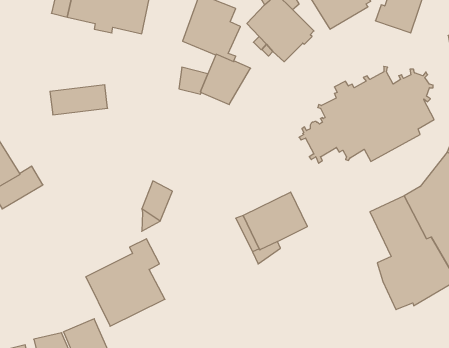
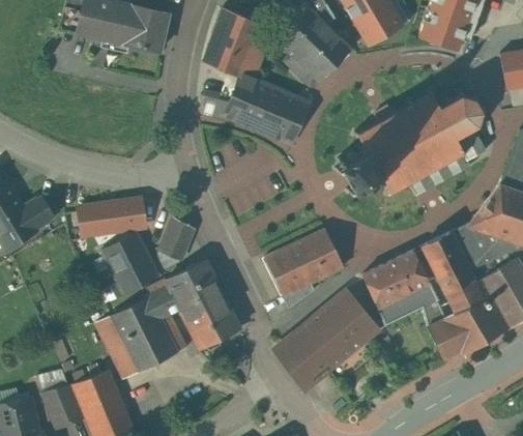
building: none -> [257,90,308,144]
building: [50,85,108,115] -> [80,201,144,234]
building: none -> [101,233,157,293]
building: none -> [362,250,437,324]
building: none -> [165,259,240,348]
building: none -> [274,289,378,389]

